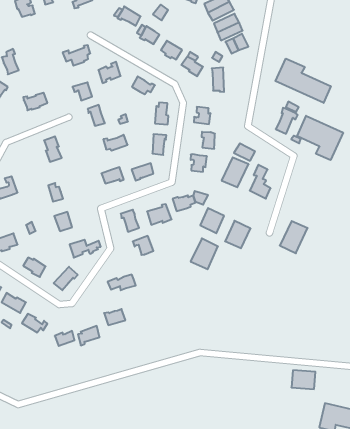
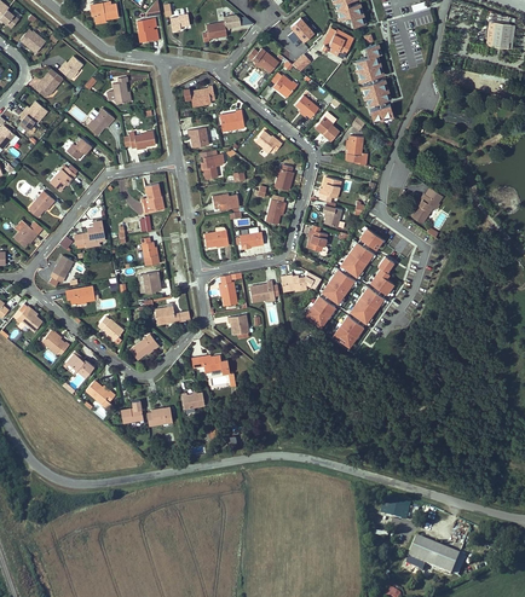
building: [275,59,331,103] -> none
building: [297,116,343,160] -> none
building: [280,221,308,253] -> [350,285,385,323]
building: [191,238,218,269] -> [321,267,354,303]

